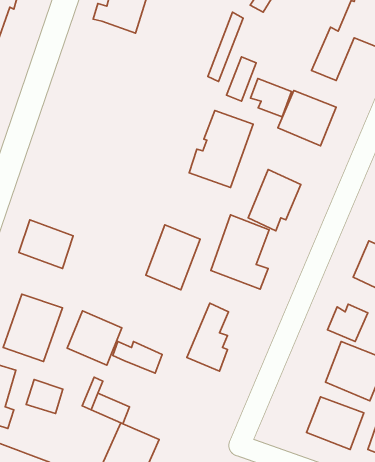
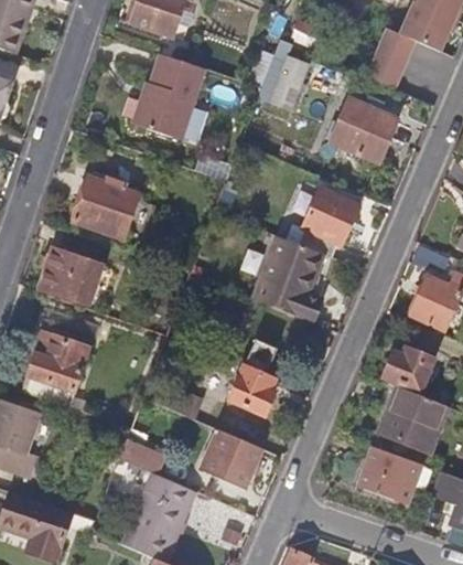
building: [250,79,291,117] -> none
building: [189,110,253,188] -> [132,55,204,141]
building: none -> [75,177,137,238]
building: [146,225,200,290] -> none
building: [67,311,122,365] -> none
building: [26,380,63,414] -> none
building: none -> [200,427,258,488]

